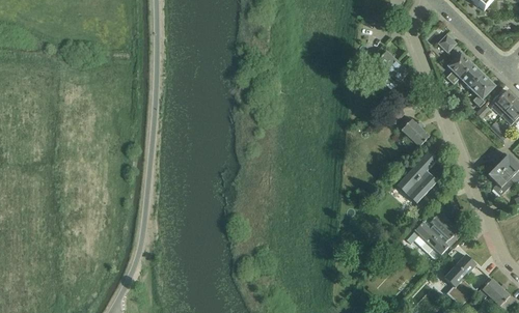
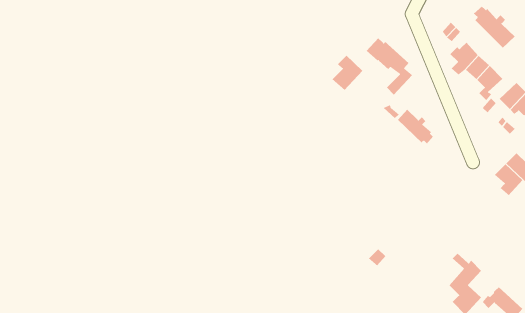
building: none -> [473,6,516,49]
building: none -> [332,55,363,91]
building: [397,149,437,202] -> none
building: [406,200,462,259] -> none

